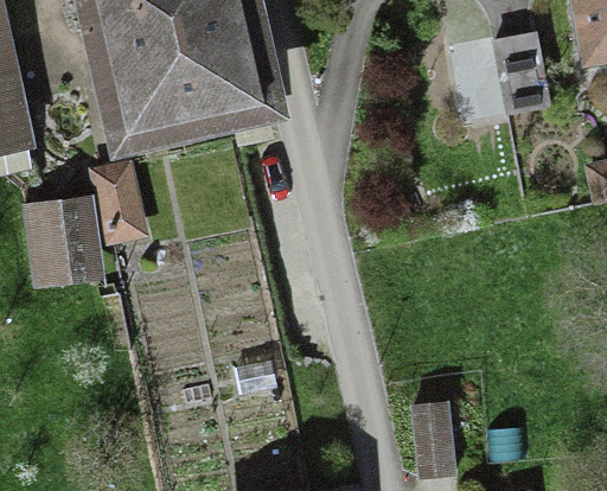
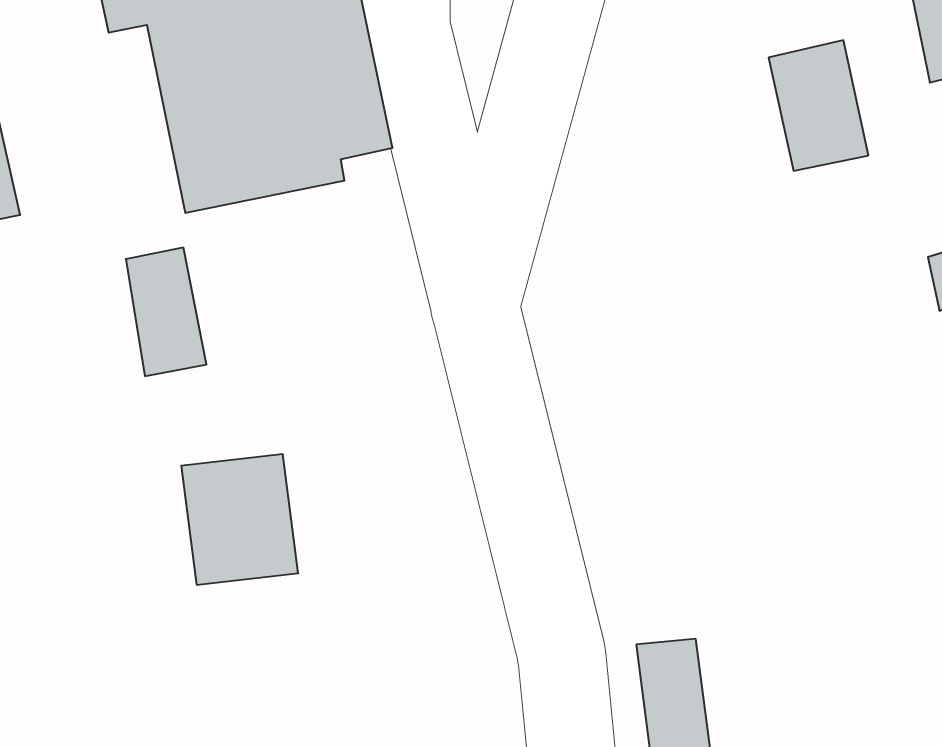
building: [25,197,97,278] -> [181,454,298,585]

